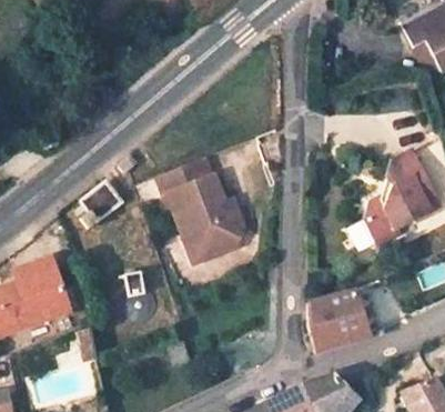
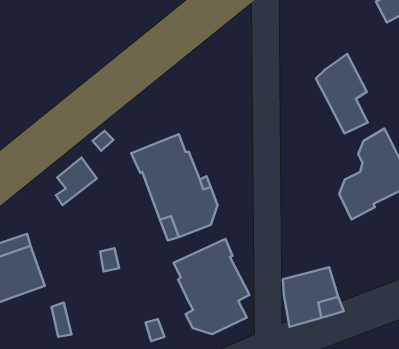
building: none -> [316,54,368,133]
building: none -> [173,239,250,334]

